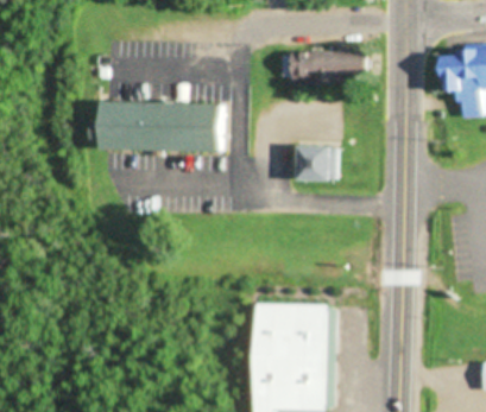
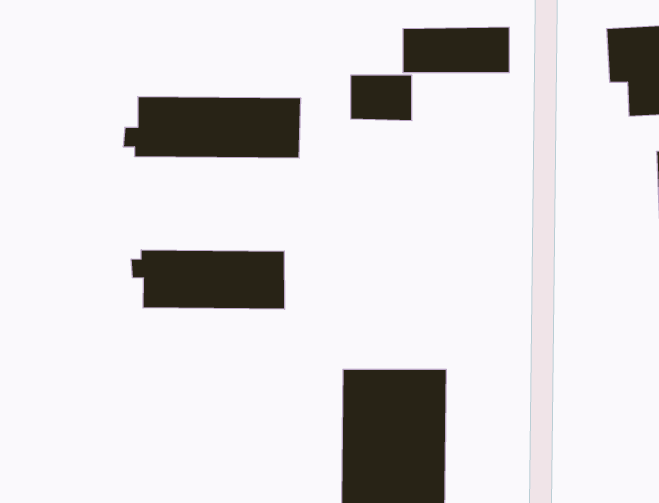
building: [292,145,337,178] -> [351,75,412,121]
building: none -> [131,250,285,309]

